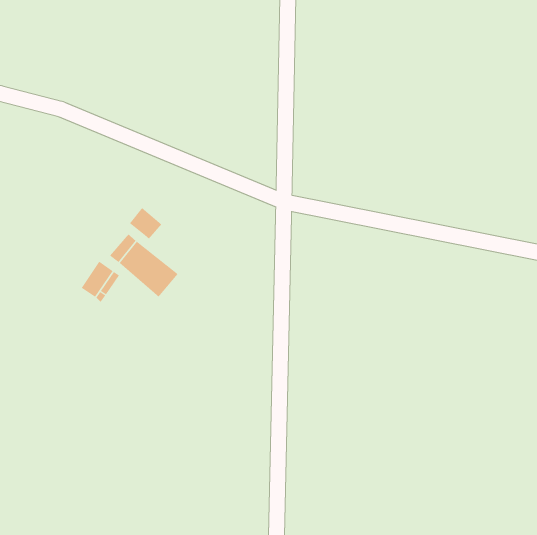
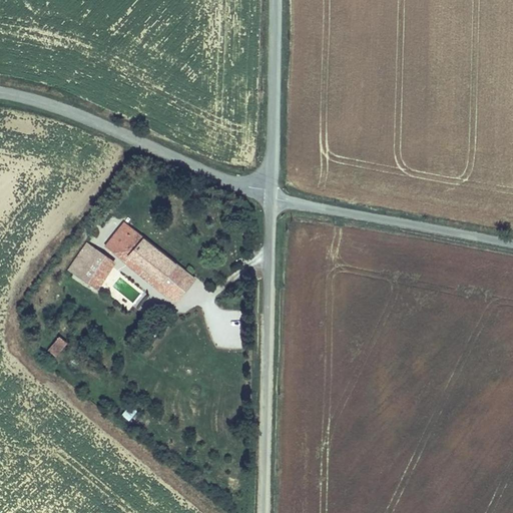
building: [129,207,162,240] -> none
building: none -> [151,262,190,301]

